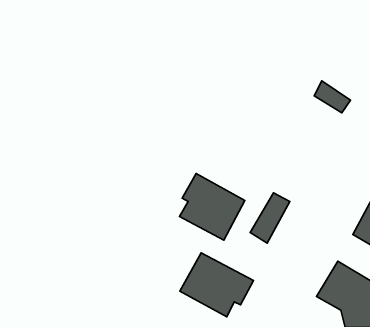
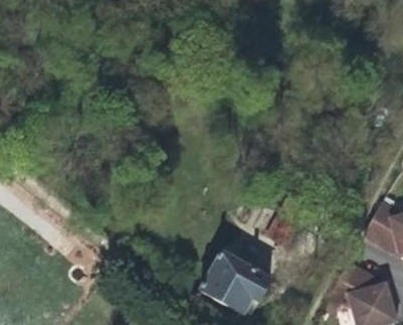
building: [179,173,245,240] -> none

